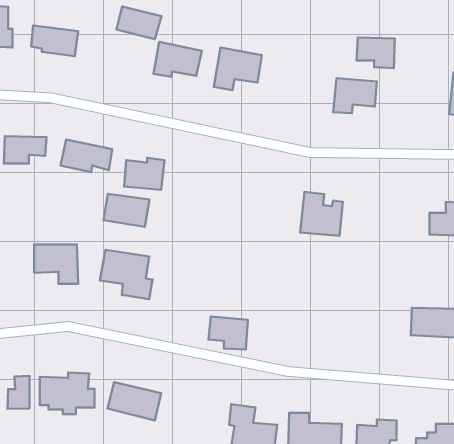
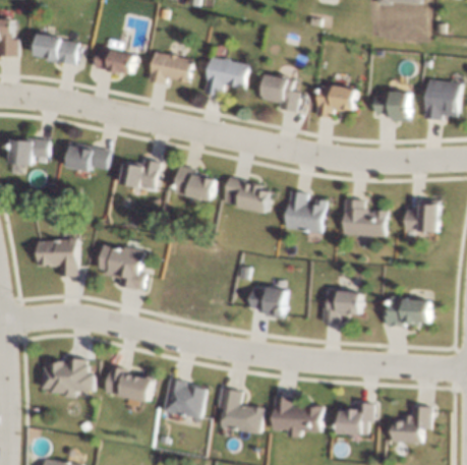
building: [117,6,161,39] -> [95,45,136,75]
building: [357,38,395,68] -> [373,93,409,121]
building: none -> [262,74,300,111]
building: none -> [223,178,273,213]
building: [103,194,149,227] -> [174,169,217,199]
building: none -> [343,198,387,236]
building: none -> [323,291,361,323]
building: [209,317,248,349] -> [250,287,287,317]
building: [8,376,29,409] -> none
building: none -> [163,380,207,417]

